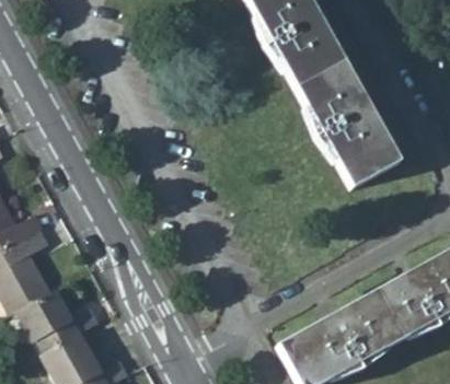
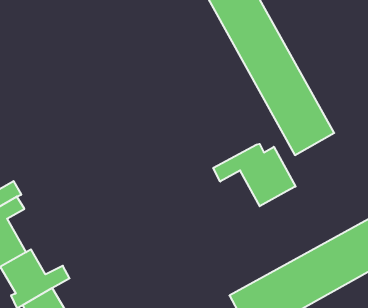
building: none -> [213,144,296,206]

